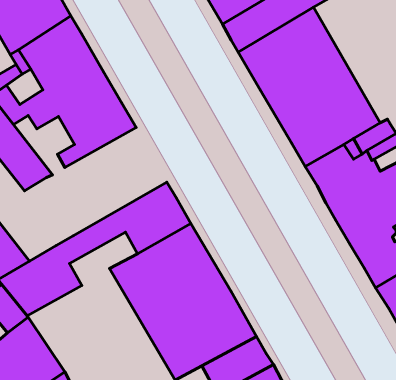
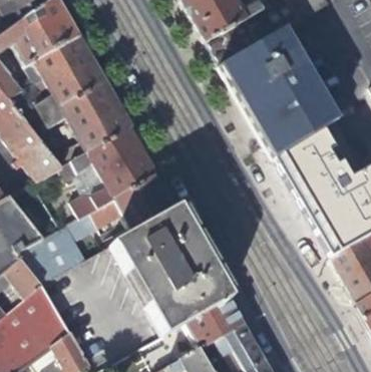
building: none -> [58,128,157,218]

